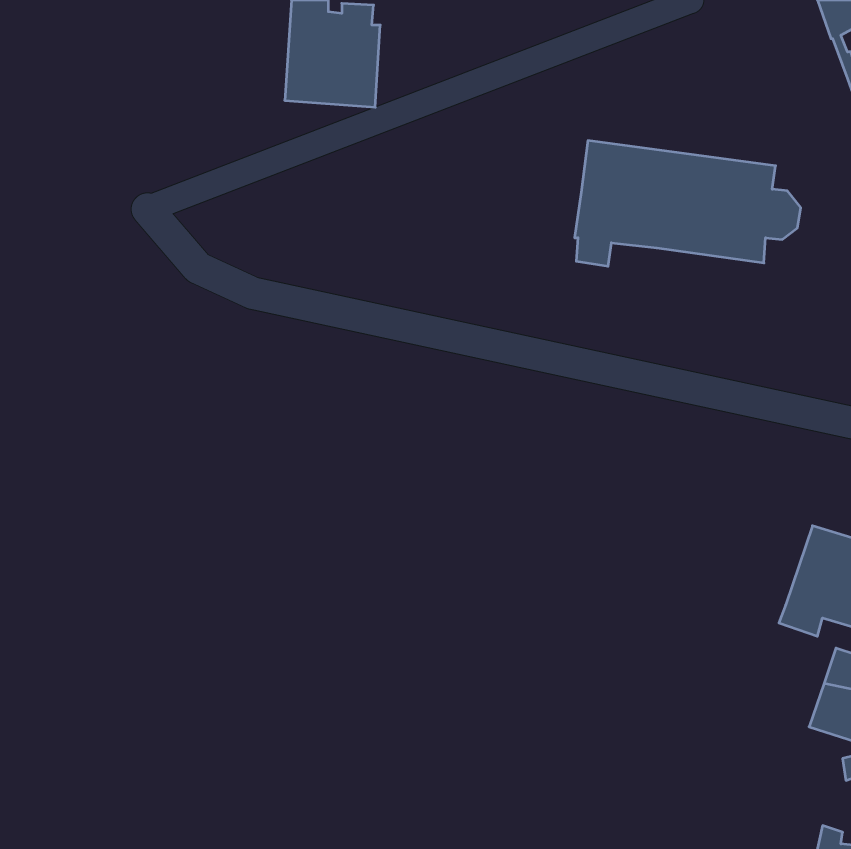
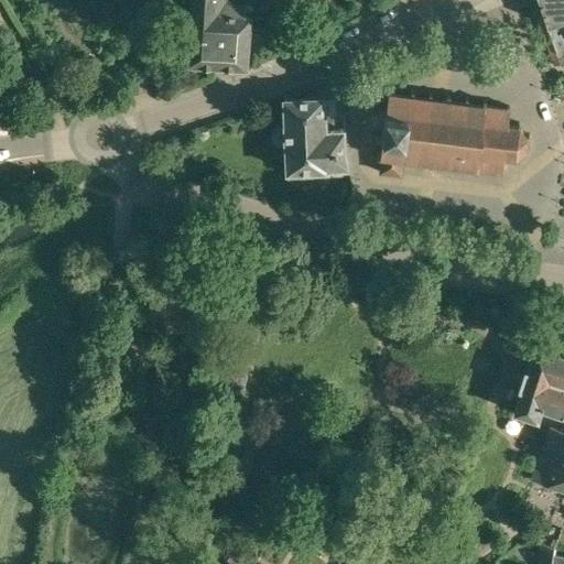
building: none -> [274,82,352,175]

